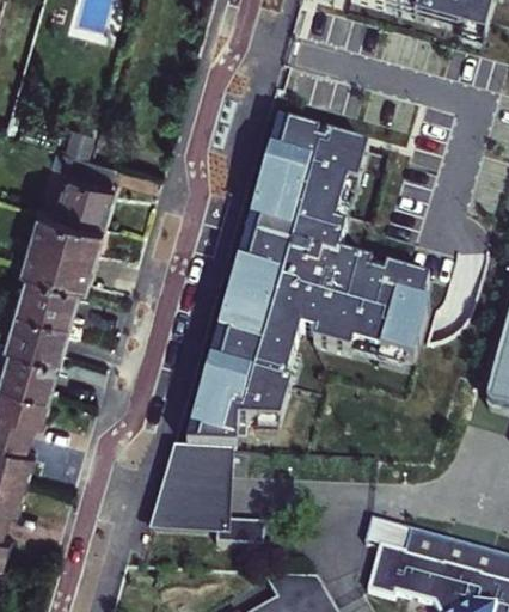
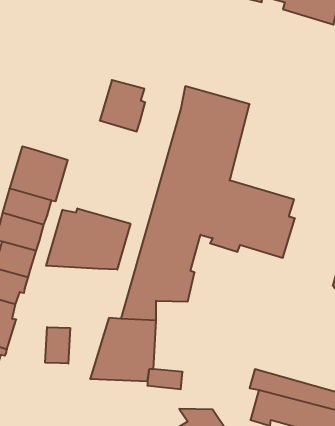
building: [59,152,122,224] -> [100,80,145,132]
building: none -> [46,208,130,270]
building: none -> [45,327,70,364]

